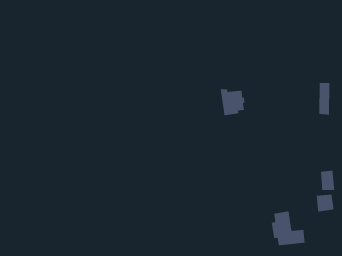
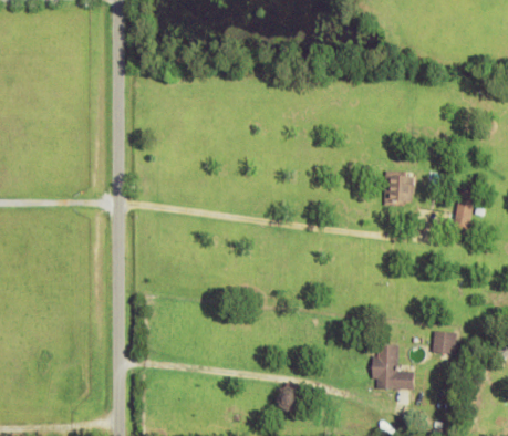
building: [220,89,246,116] -> [385,170,415,206]
building: [320,170,335,191] -> none

